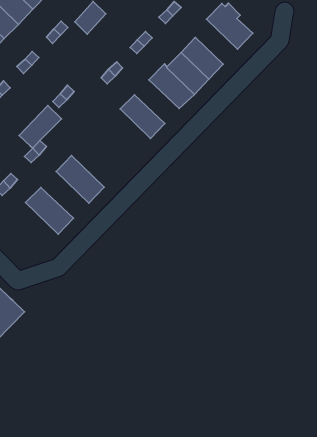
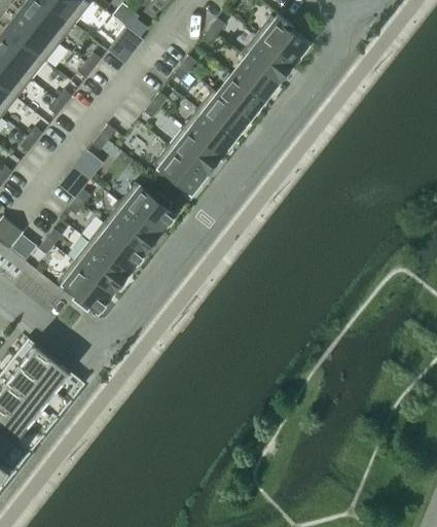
building: none -> [241,35,293,83]
building: none -> [183,109,234,156]
building: none -> [153,145,206,195]
building: none -> [119,182,175,235]
building: none -> [88,222,144,273]
building: none -> [58,260,113,313]

